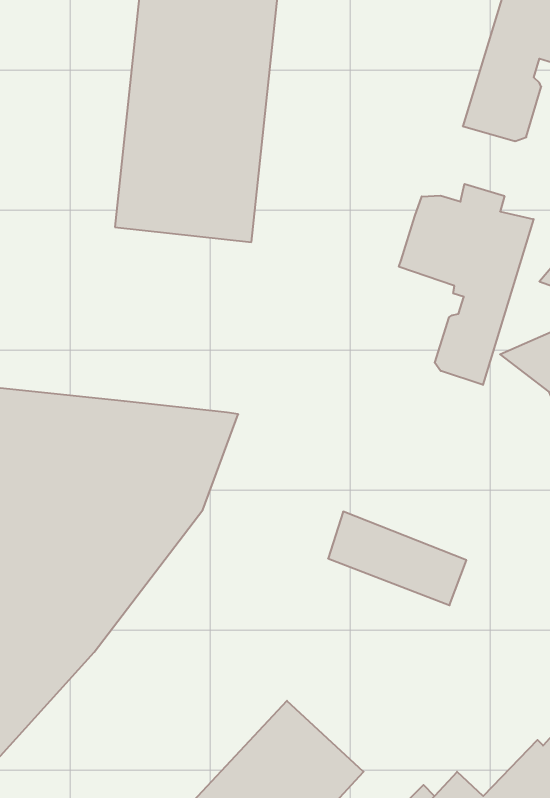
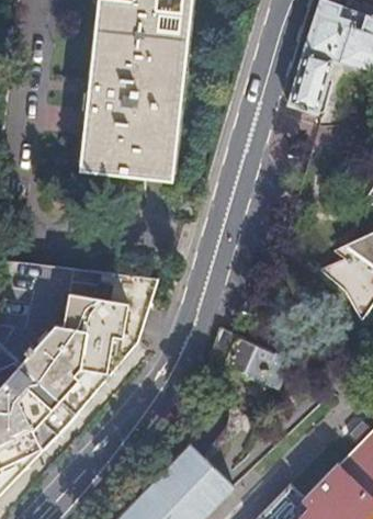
building: [399,184,534,385] -> none

